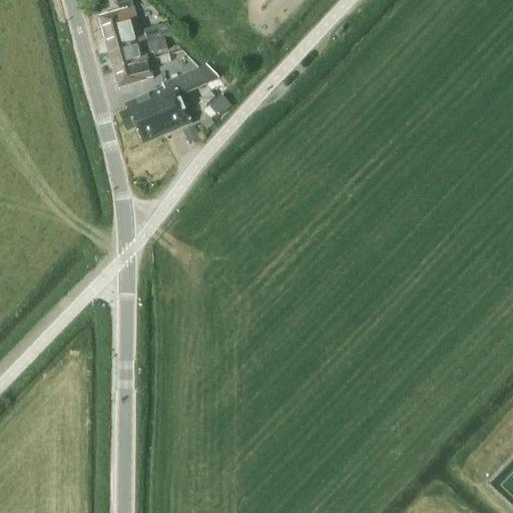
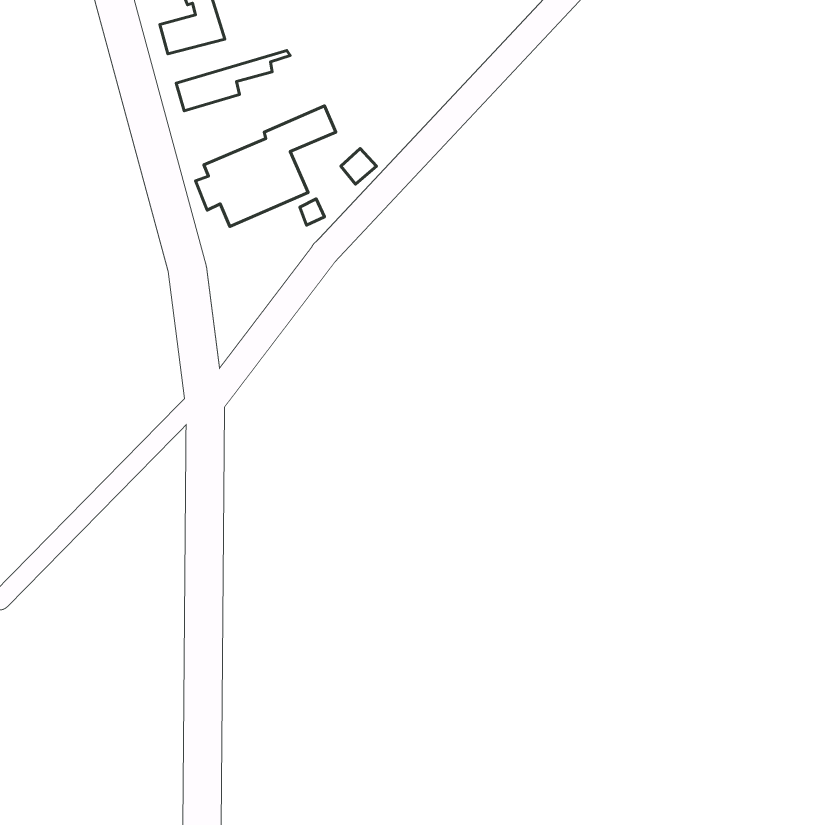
building: [103,20,176,51] -> none
building: [113,58,152,86] -> none

